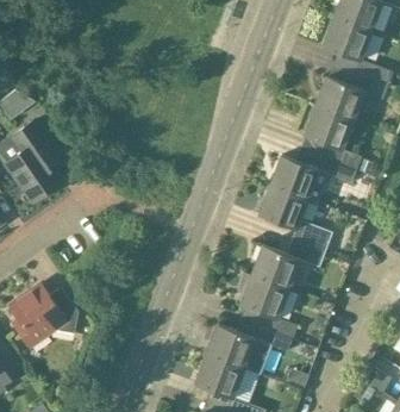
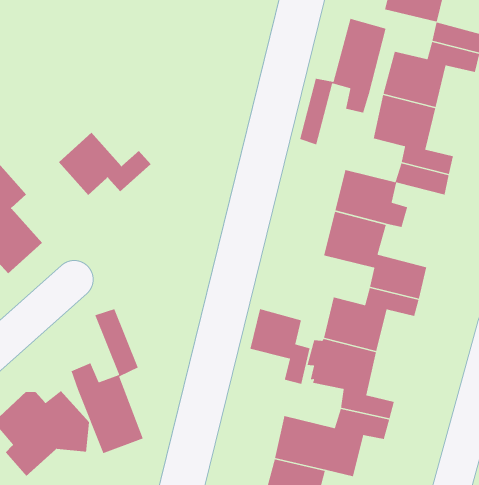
building: none -> [299,18,386,146]
building: none -> [58,132,152,196]
building: none -> [70,308,144,454]
building: none -> [250,308,311,385]

